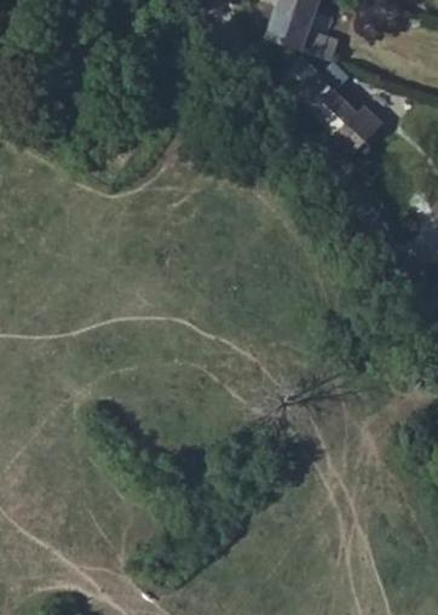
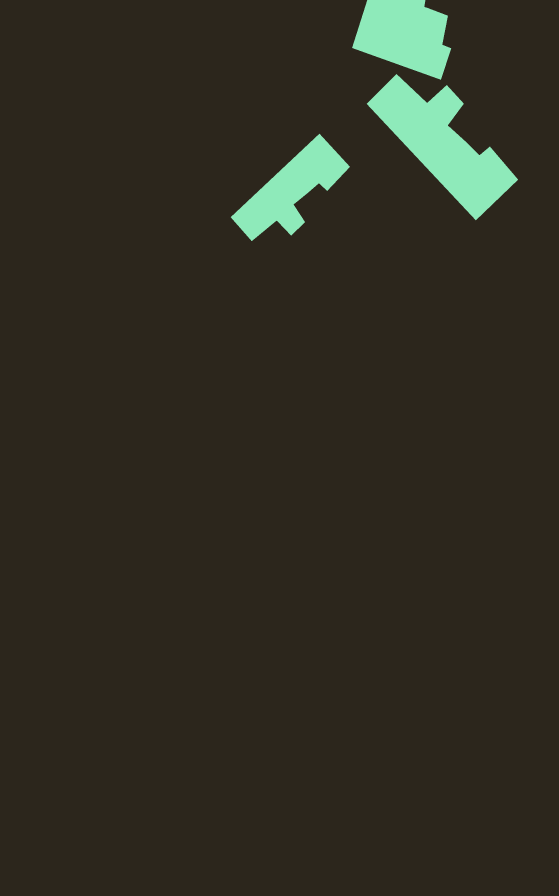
building: none -> [230,133,351,242]

